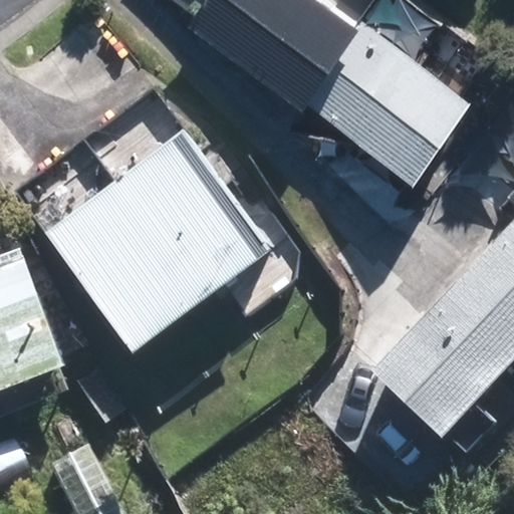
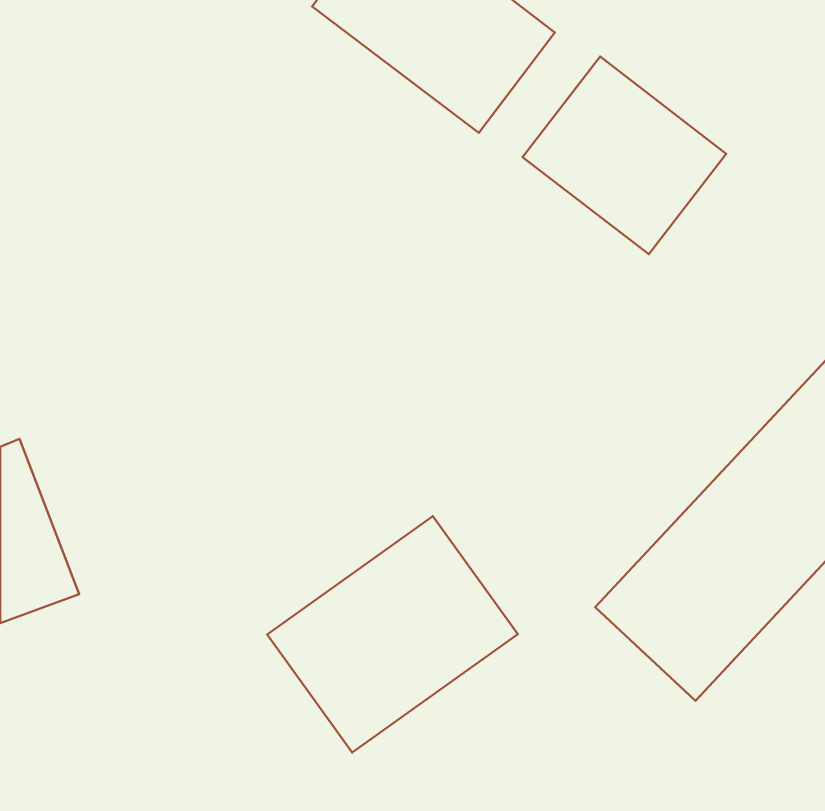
building: [62,157,251,343] -> none
building: none -> [267,516,518,753]

